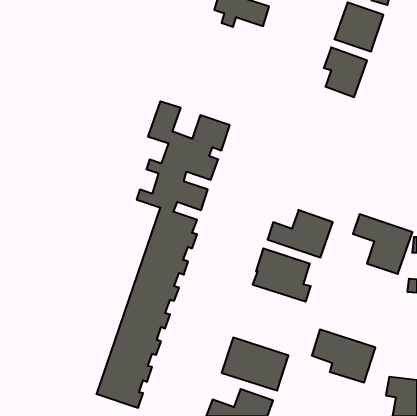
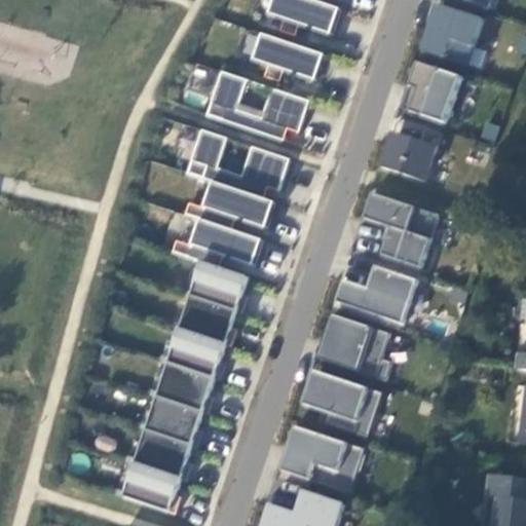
building: none -> [254,34,324,79]
building: none -> [208,71,308,139]
building: none -> [381,128,439,180]
building: [353,214,413,274] -> [364,192,439,267]
building: [312,329,375,383] -> [302,369,382,436]

